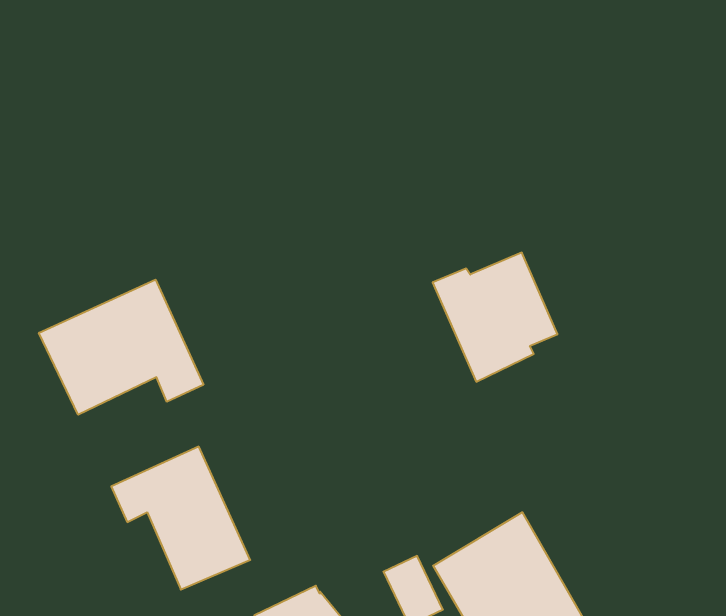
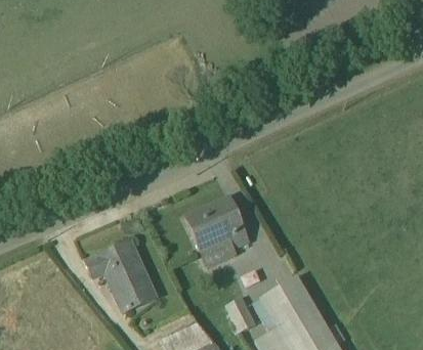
building: [433,253,558,382] -> [185,202,250,268]
building: [39,280,203,415] -> none

